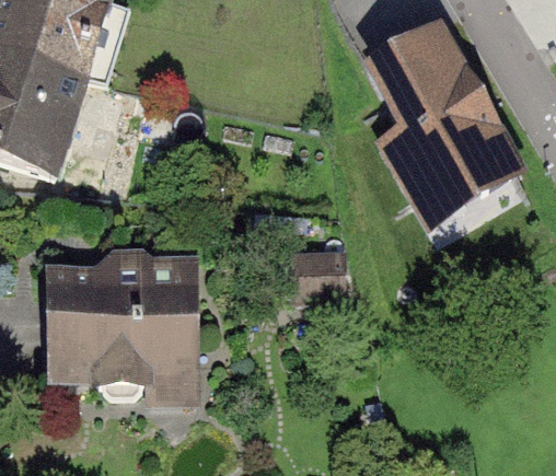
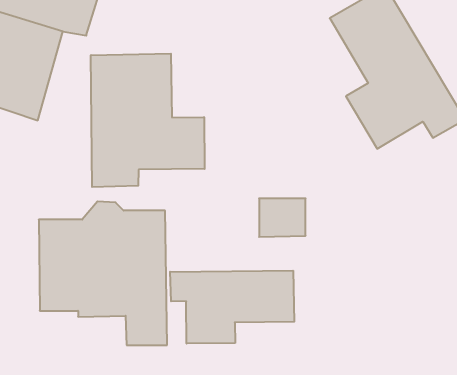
building: none -> [91,54,205,187]
building: none -> [170,271,294,344]

